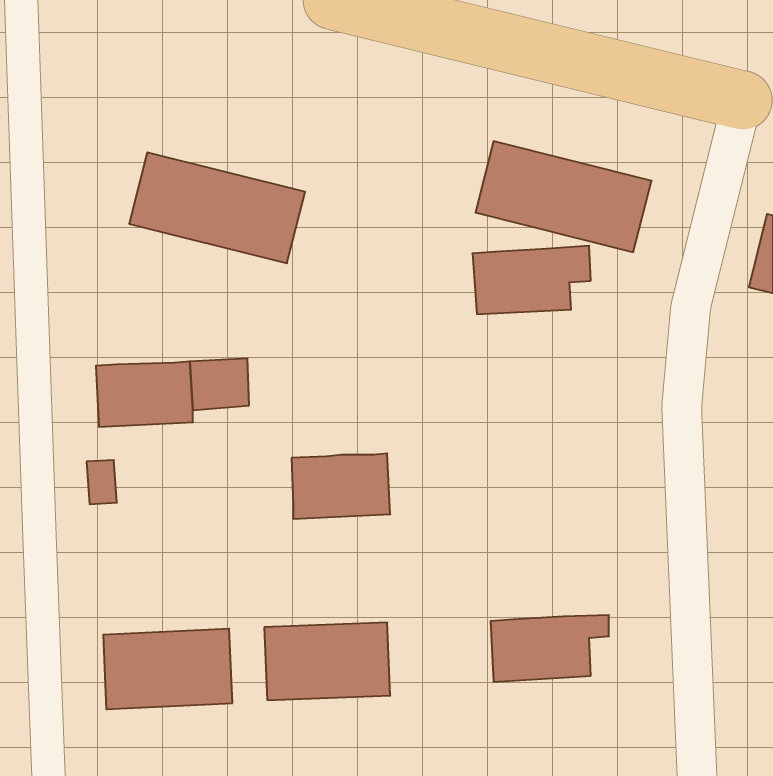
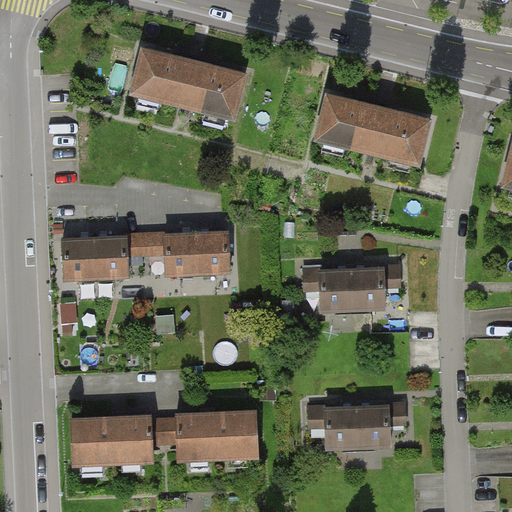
building: [129,152,305,263] -> [130,47,246,120]
building: [472,246,591,314] -> [318,267,396,312]
building: [292,453,390,519] -> [163,233,228,276]

